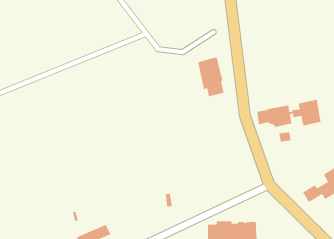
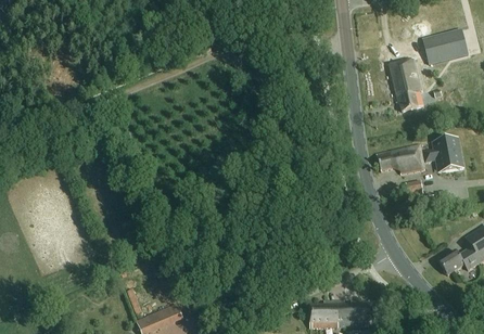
building: none -> [422,28,468,64]
building: [198,56,224,97] -> [387,57,423,112]

